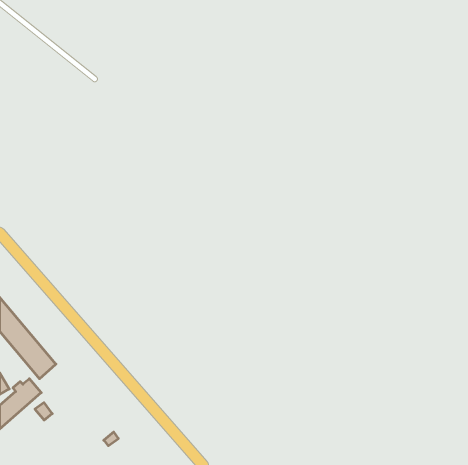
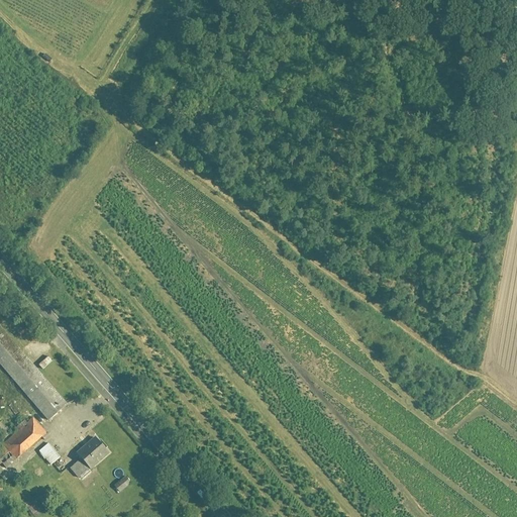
building: none -> [68,436,107,478]

